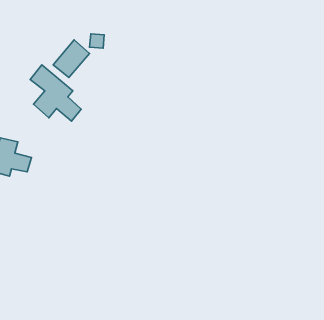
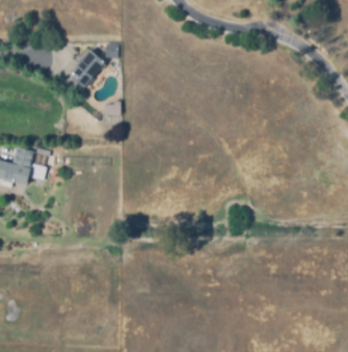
building: [30,65,81,121] -> none

